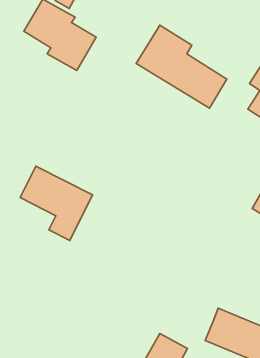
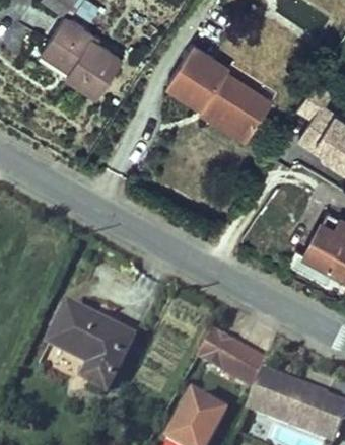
building: [20,166,92,240] -> [49,310,133,396]
building: none -> [199,330,266,386]

